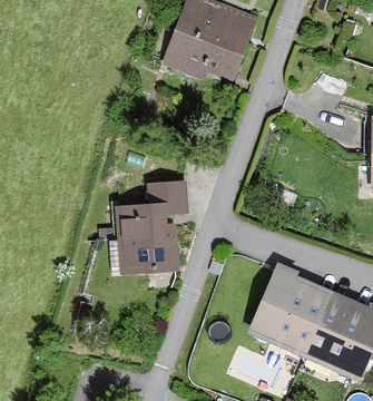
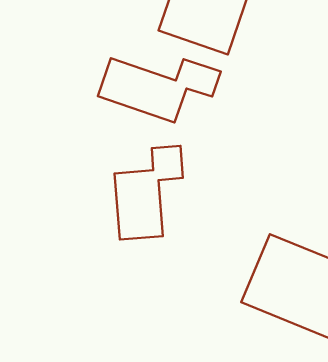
building: none -> [98,58,221,122]

